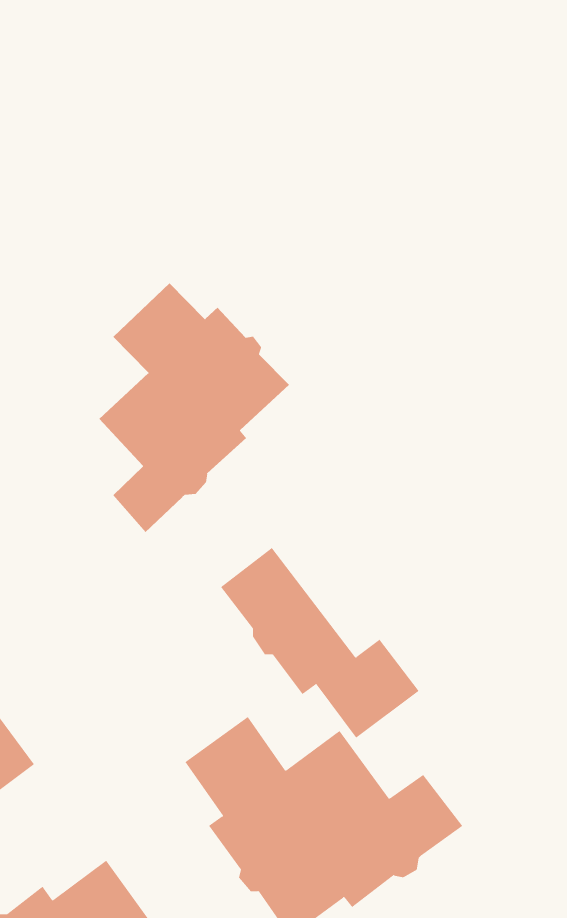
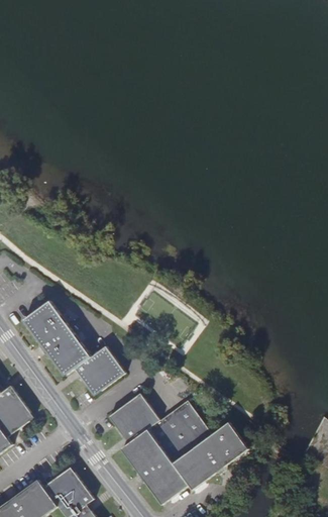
building: [99,282,290,533] -> none
building: [220,547,420,739] -> [21,300,122,397]

